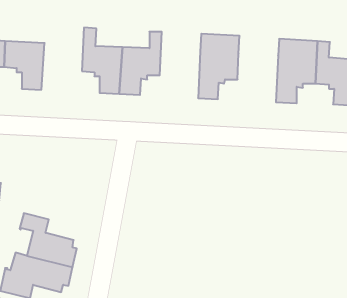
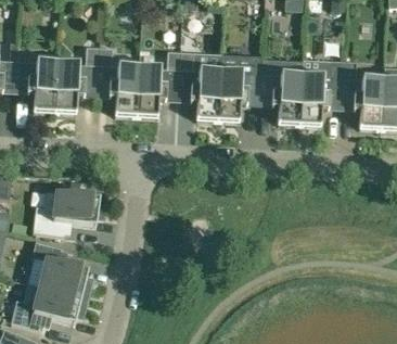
building: none -> [52,46,97,112]
building: none -> [176,50,219,119]
building: none -> [257,73,299,124]
building: none -> [30,189,103,234]

